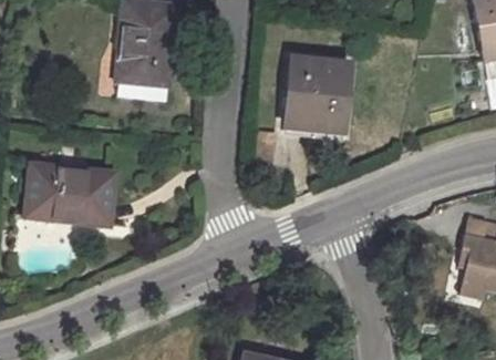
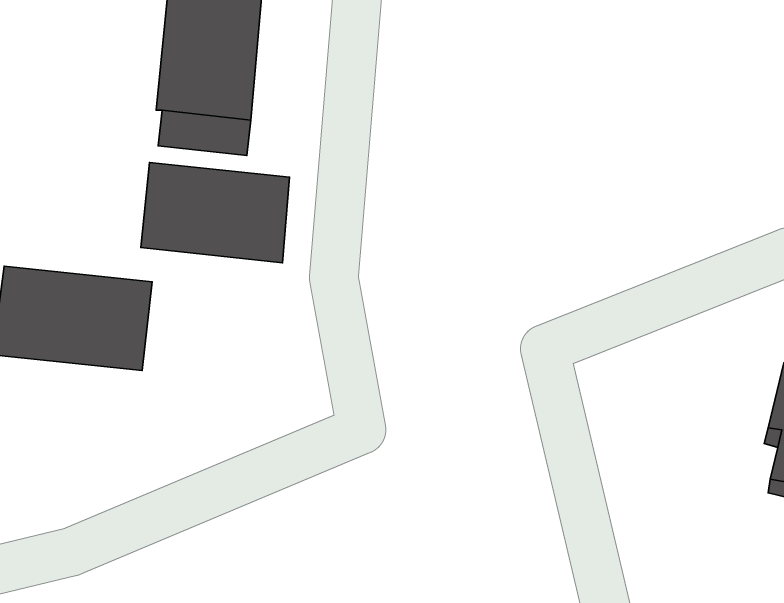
building: [285,58,349,130] -> none
building: none -> [141,162,289,263]

